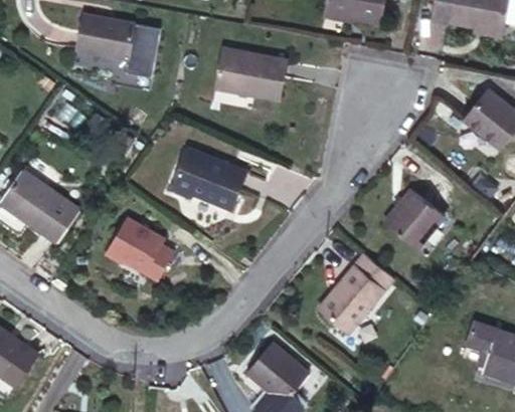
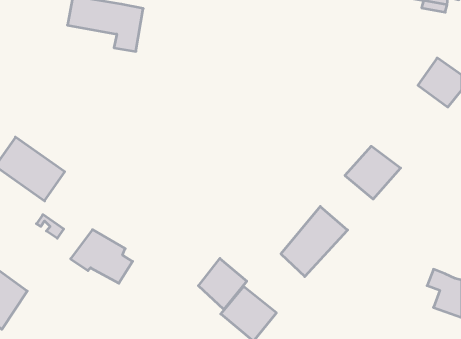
building: [218,55,290,104] -> none
building: [168,146,242,206] -> none
building: [102,219,170,278] -> [71,230,133,283]
building: none -> [198,258,247,310]

